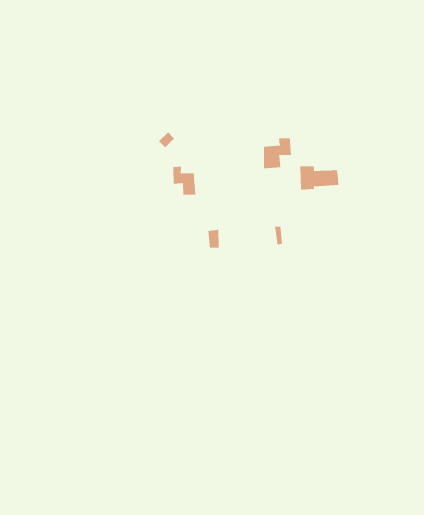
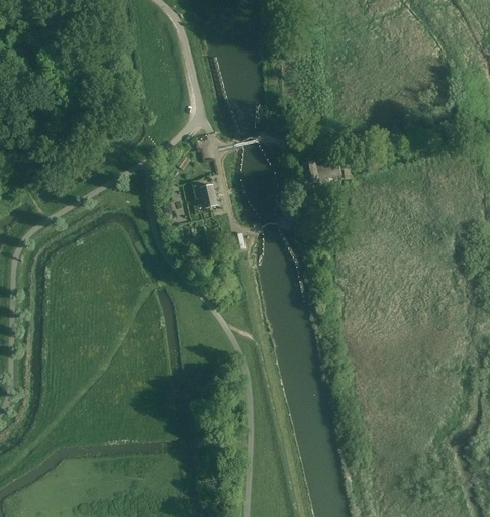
building: [264,138,291,169] -> none

